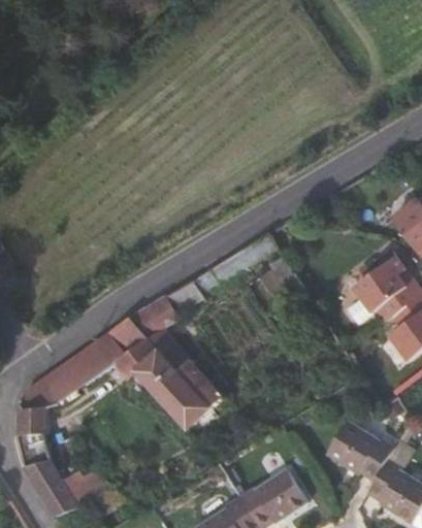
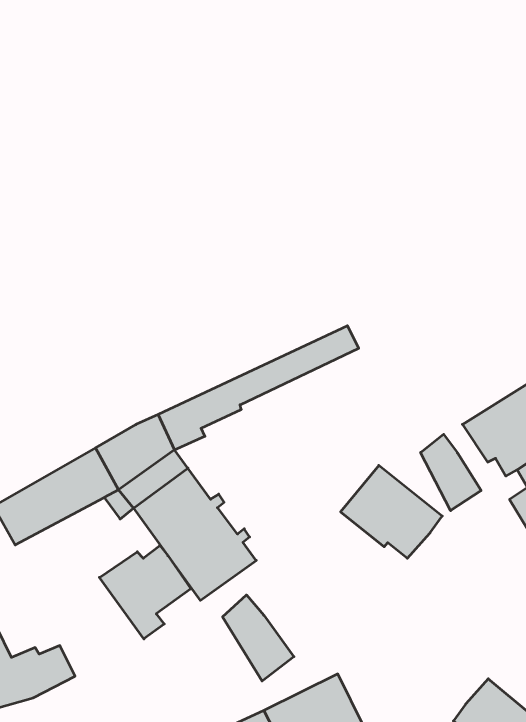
building: none -> [421,434,481,511]
building: none -> [99,545,191,639]
building: [325,420,394,481] -> [341,465,442,558]
building: none -> [223,595,294,681]

